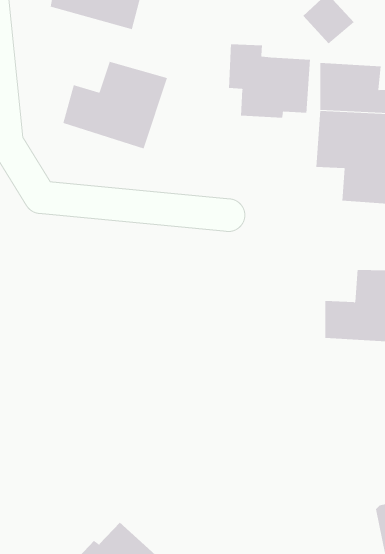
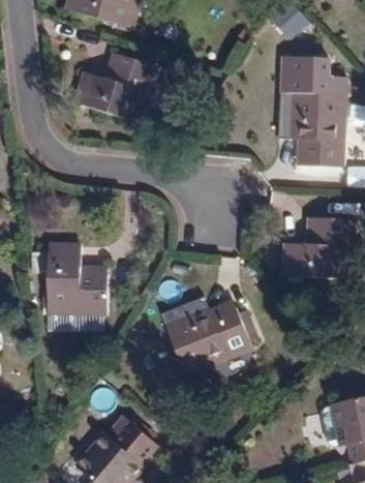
building: [229,44,311,119] -> none
building: none -> [48,243,108,313]
building: none -> [160,296,252,373]

